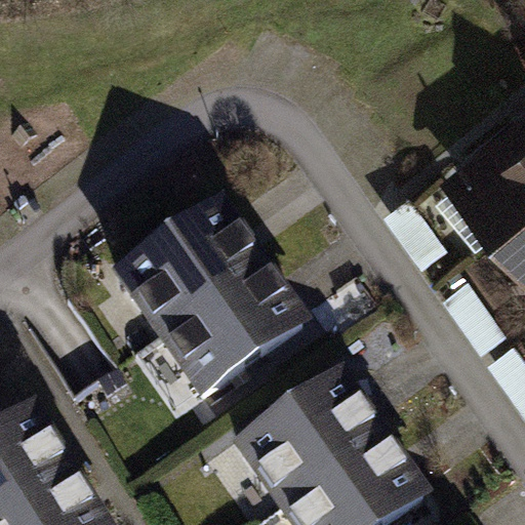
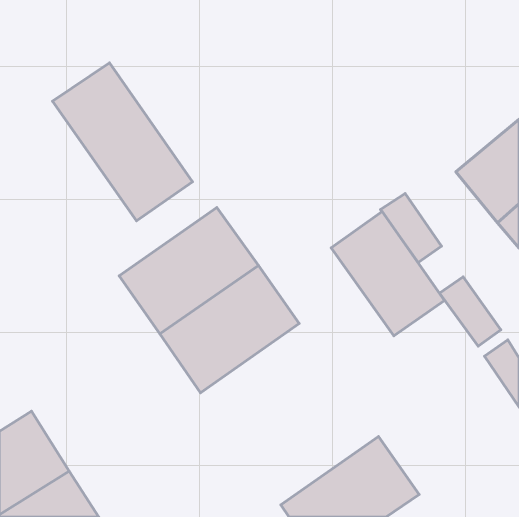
building: none -> [52,63,193,221]
building: none -> [331,212,444,336]
building: [241,380,381,509] -> none

